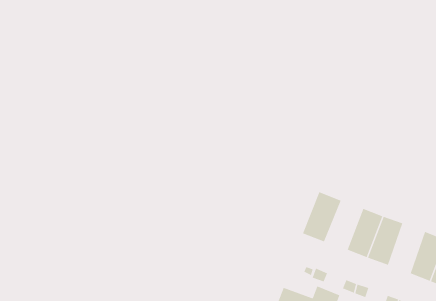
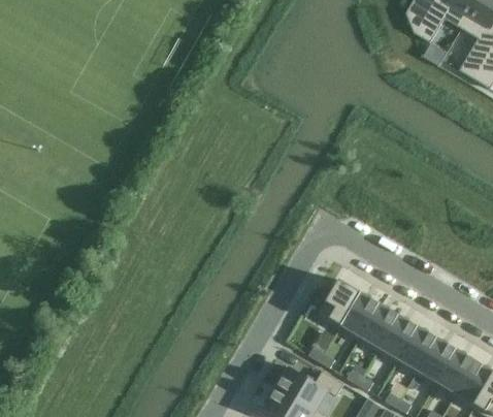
building: none -> [337,291,381,341]
building: none -> [396,324,437,375]

